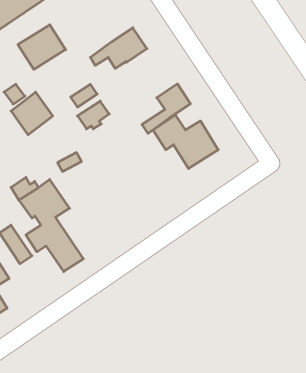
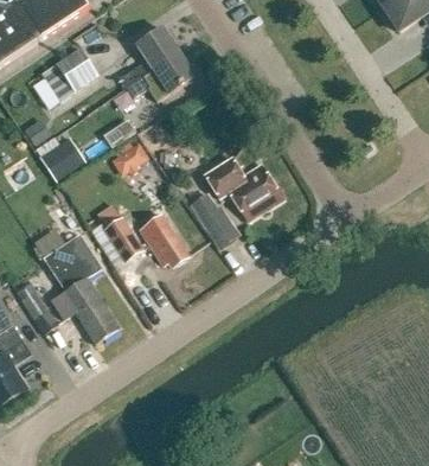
building: [142,84,190,133] -> [121,28,179,88]
building: none -> [200,203,242,248]
building: none -> [140,215,190,267]
building: none -> [108,217,147,260]

